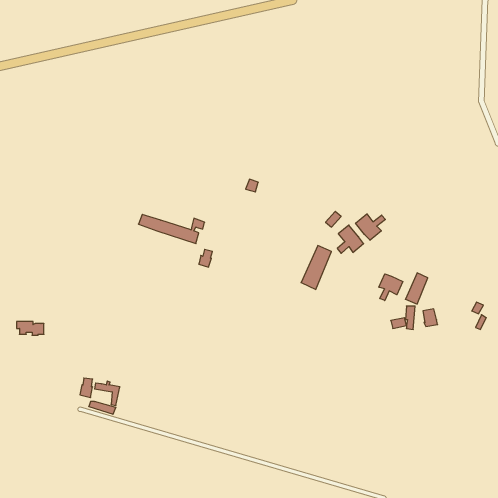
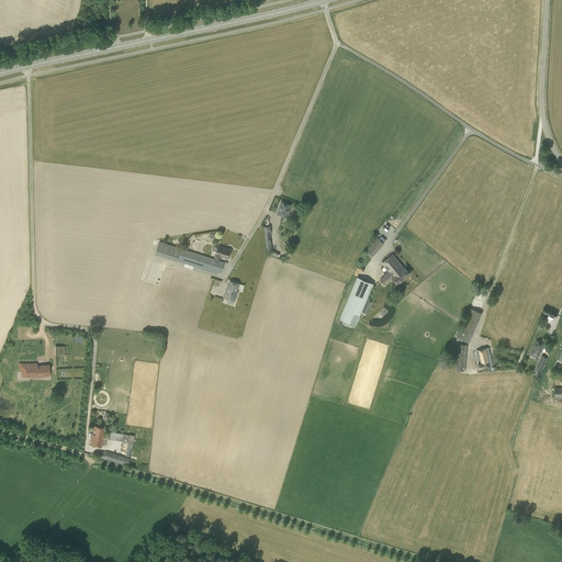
building: [356,214,385,240] -> none
building: [379,274,403,301] -> none

